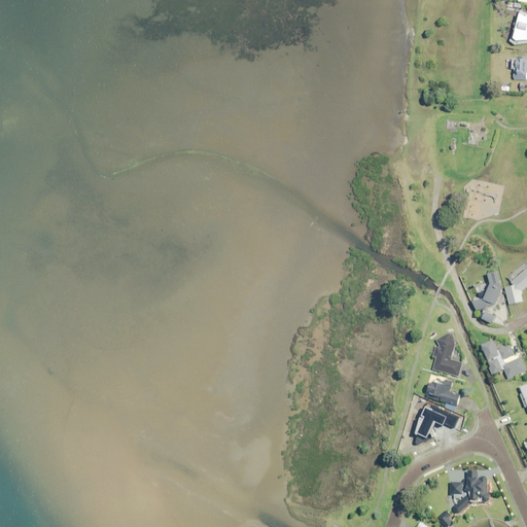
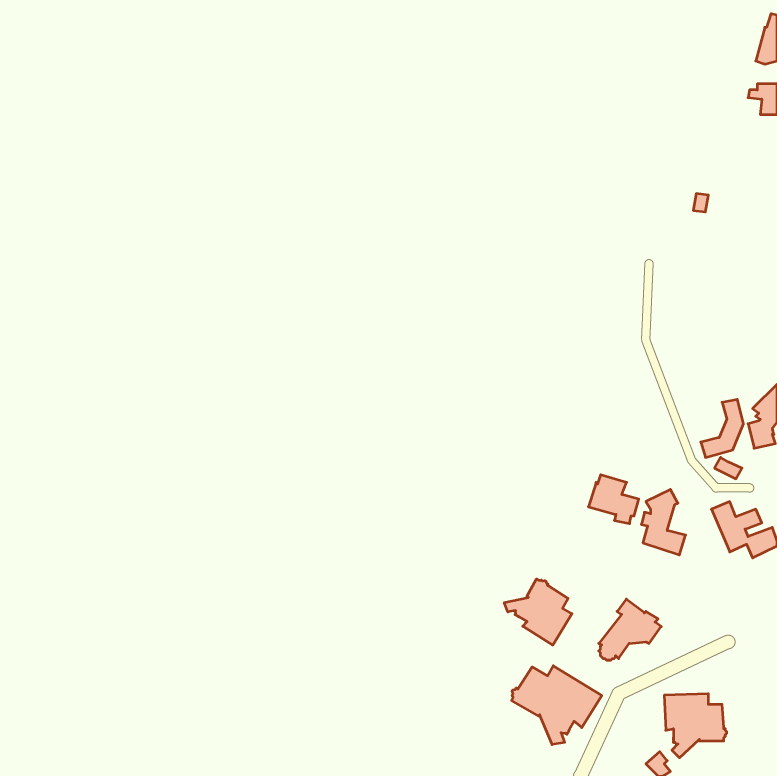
building: [427,376,461,409] -> [588,475,639,524]
building: none -> [504,579,572,645]
building: none -> [512,666,602,745]

